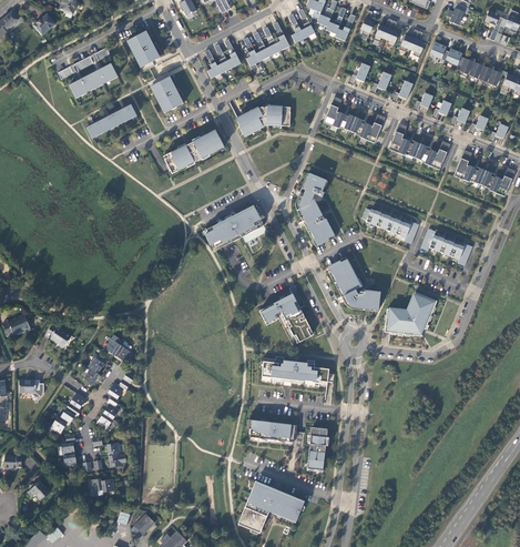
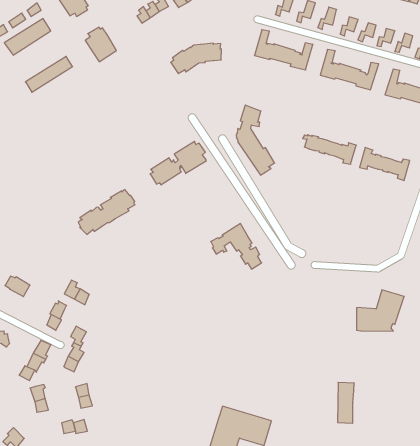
building: [164,130,224,172] -> [78,190,135,234]
building: [328,259,380,308] -> none
building: [385,292,437,335] -> [357,290,404,331]
building: [262,358,329,383] -> none
building: [249,416,295,440] -> none
building: [307,426,328,469] -> [338,382,354,423]

